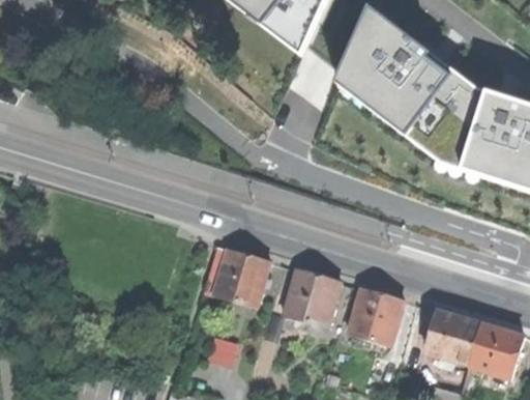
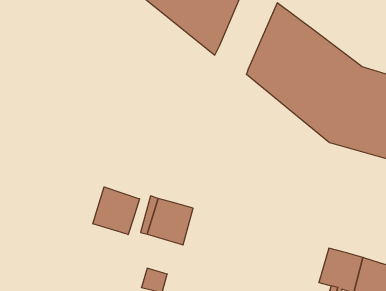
building: none -> [93,187,139,235]
building: [284,268,340,326] -> none
building: [347,287,404,345] -> none

